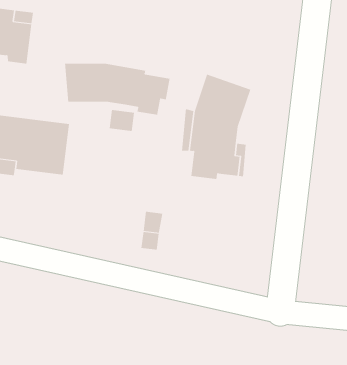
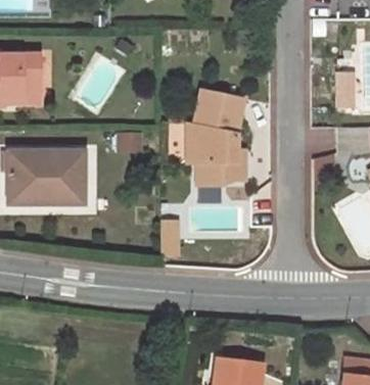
building: [64,63,170,116] -> none

